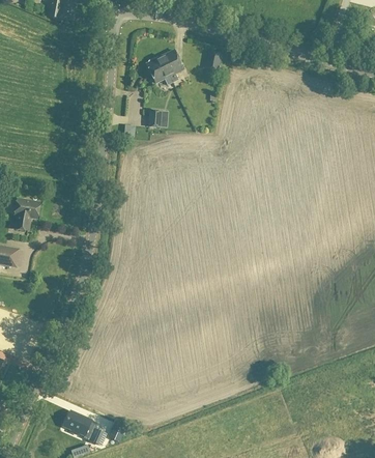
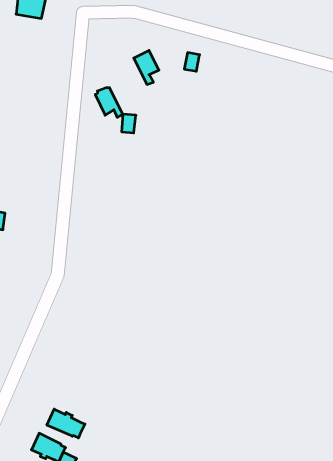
building: [147,56,173,84] -> [95,88,123,117]
building: none -> [47,409,85,438]

